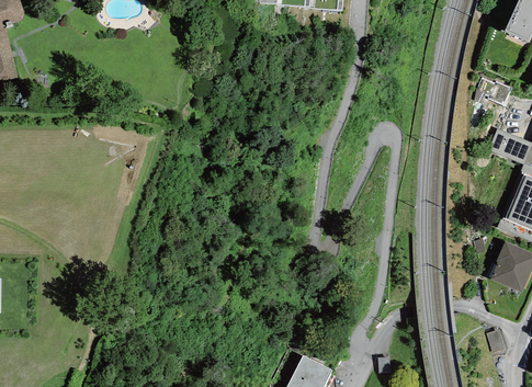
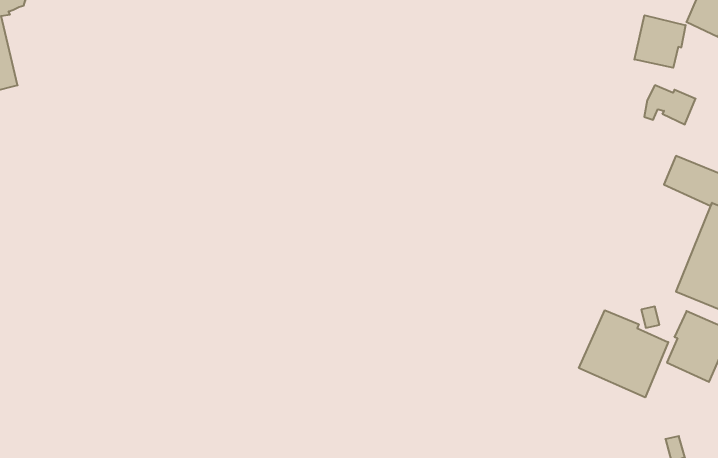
building: none -> [634,15,686,68]
building: none -> [579,310,668,397]

